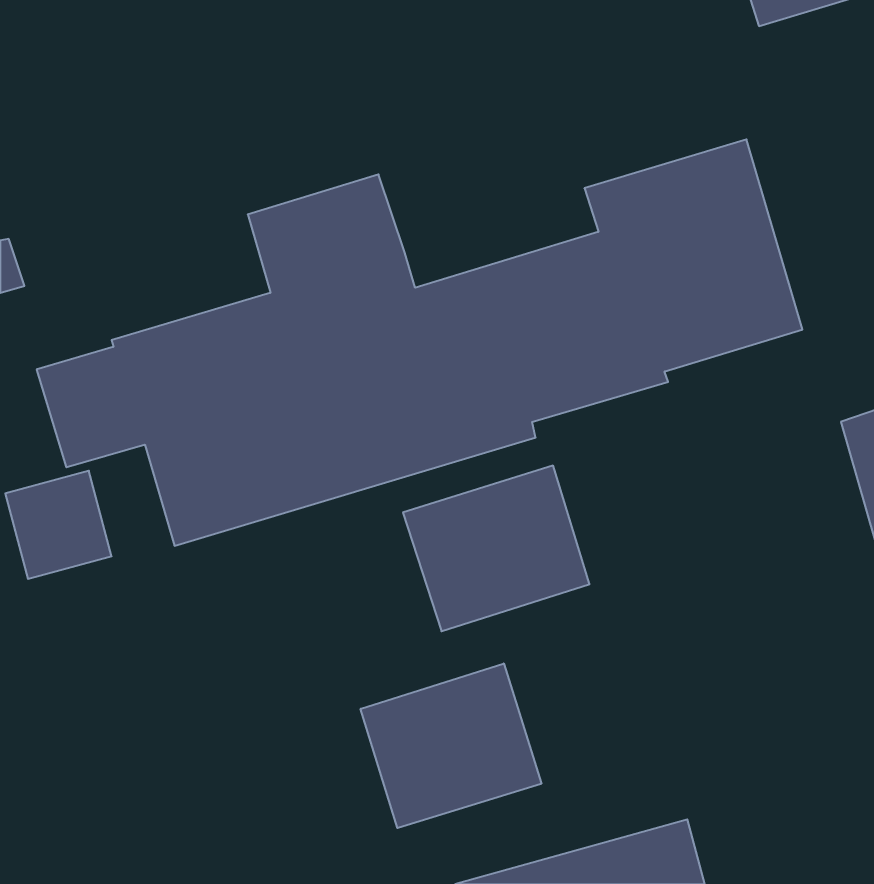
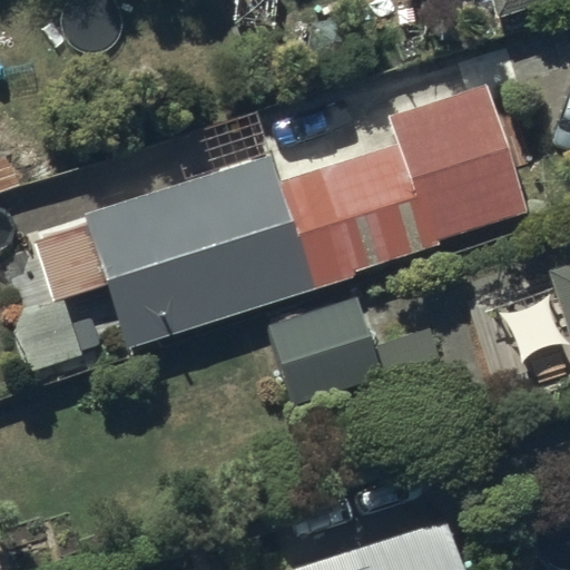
building: [361,663,541,828] -> none

